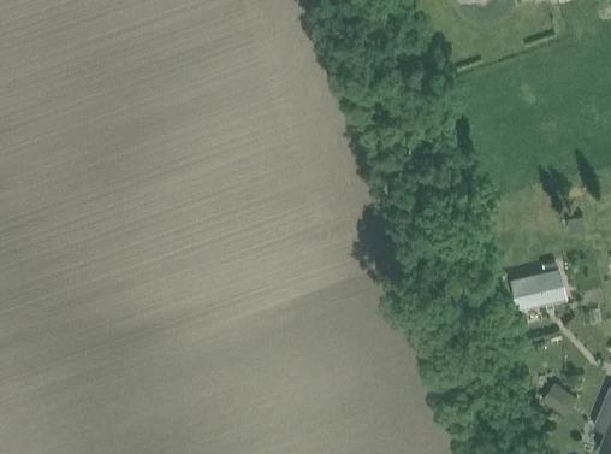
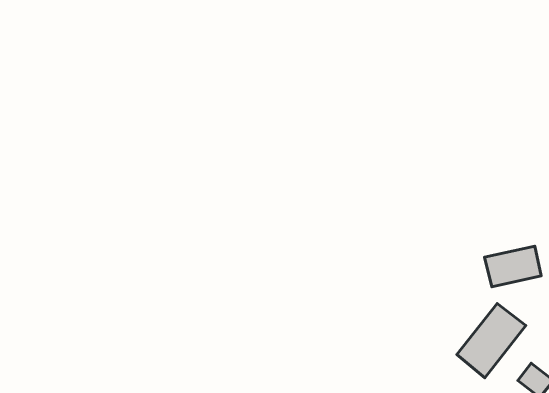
building: none -> [457,304,526,378]

